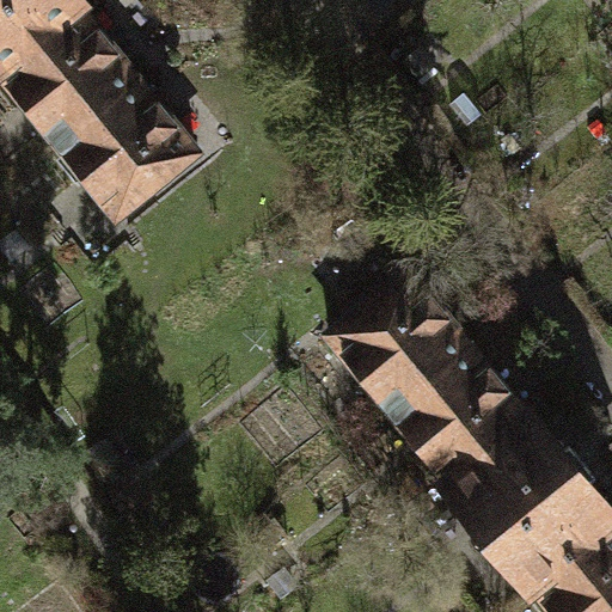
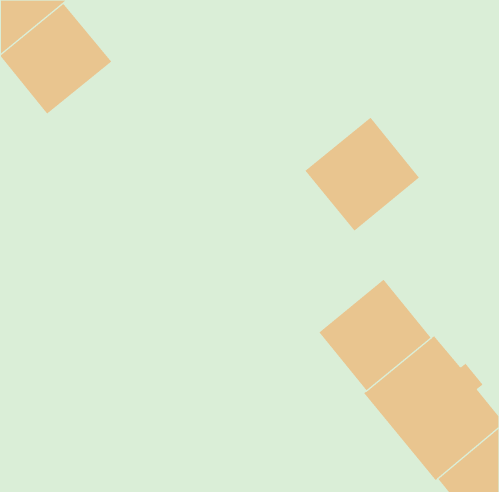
building: [57,85,197,222] -> none
building: [329,276,470,416] -> [304,117,420,231]

